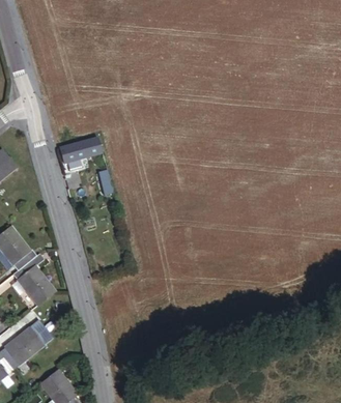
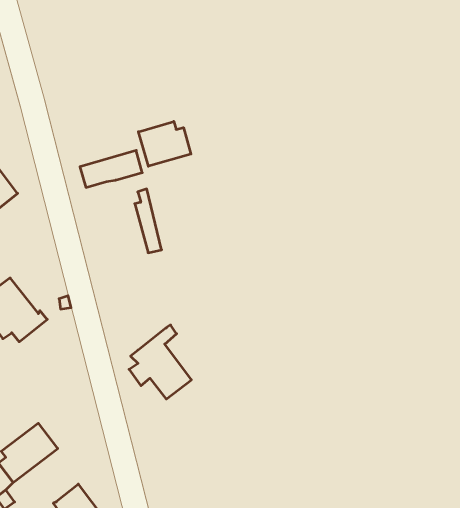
building: none -> [138,121,191,166]
building: [11,252,55,304] -> [129,325,191,399]

